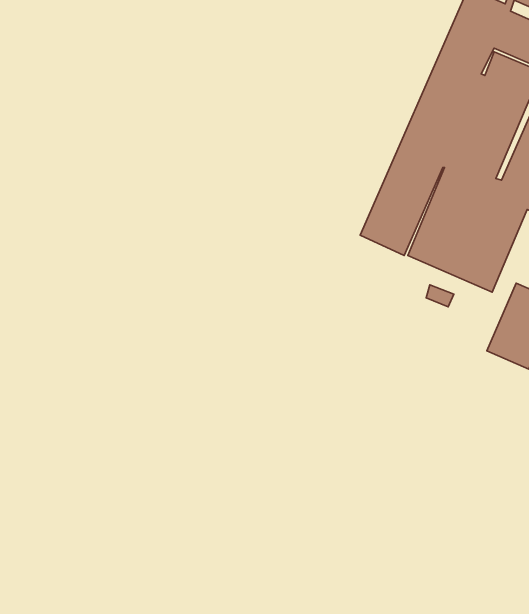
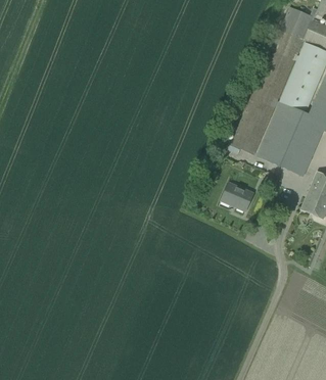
building: none -> [221,182,253,210]

